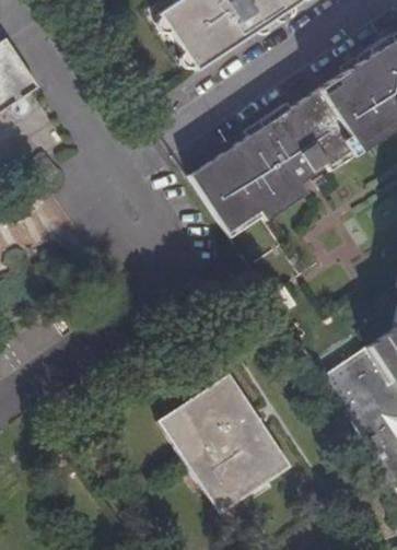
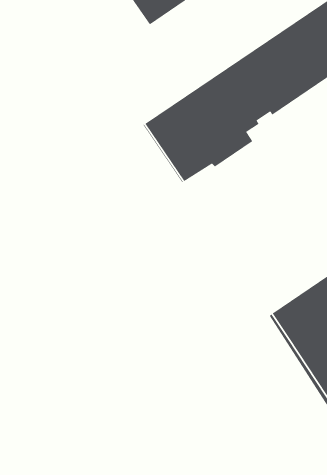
building: [160,372,290,512] -> none

